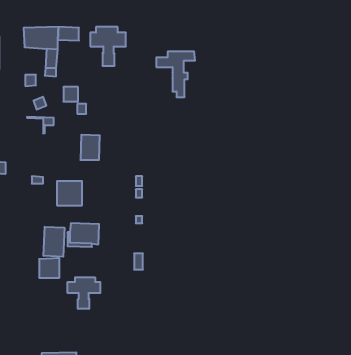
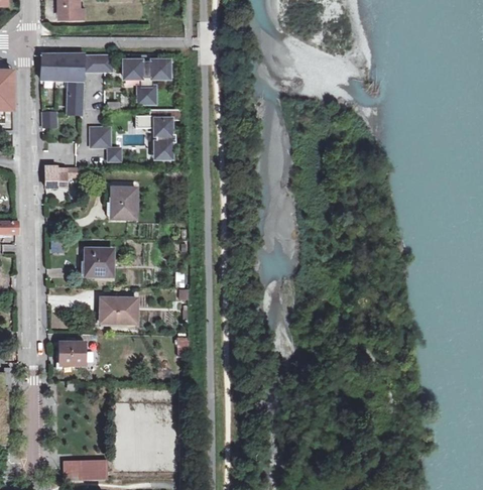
building: [156,52,195,97] -> [135,110,184,166]
building: none -> [45,167,66,188]
building: [44,227,64,257] -> none
building: [68,277,100,309] -> none

